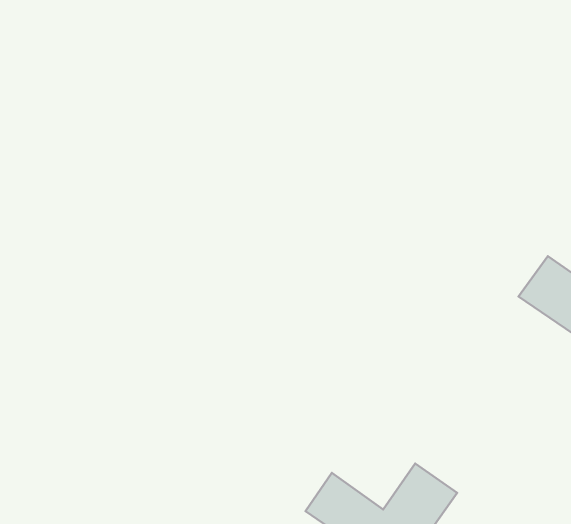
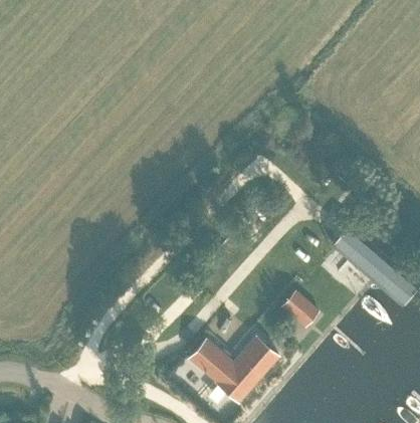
building: none -> [281,290,318,326]

